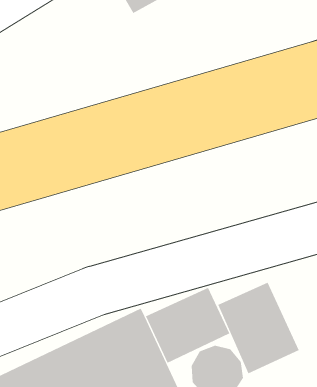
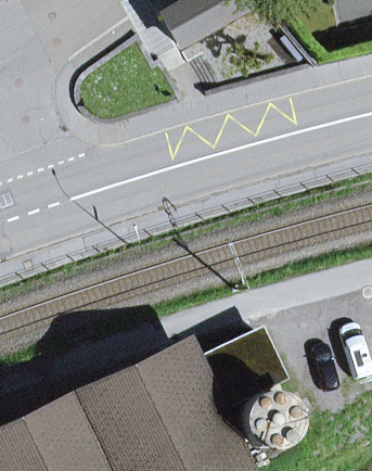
building: [217,282,299,374] -> none

